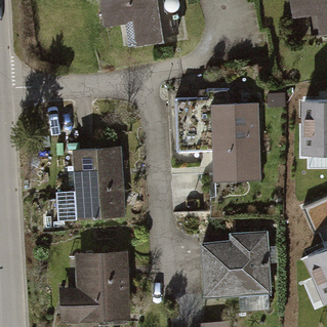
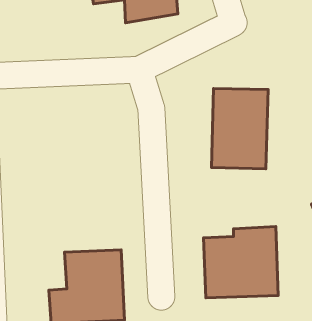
building: [76,149,122,216] -> none

